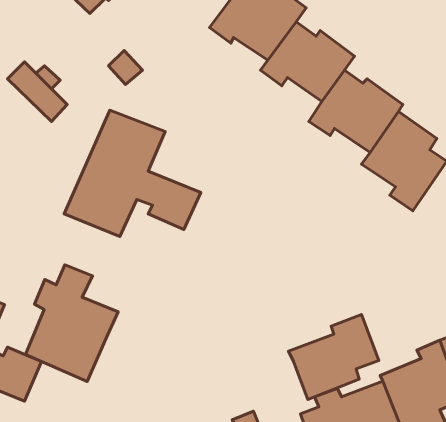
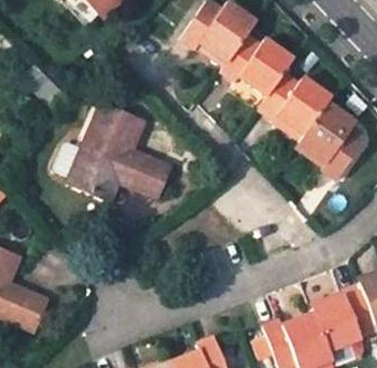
building: [25,265,118,381] -> none
building: [289,315,379,400] -> none

